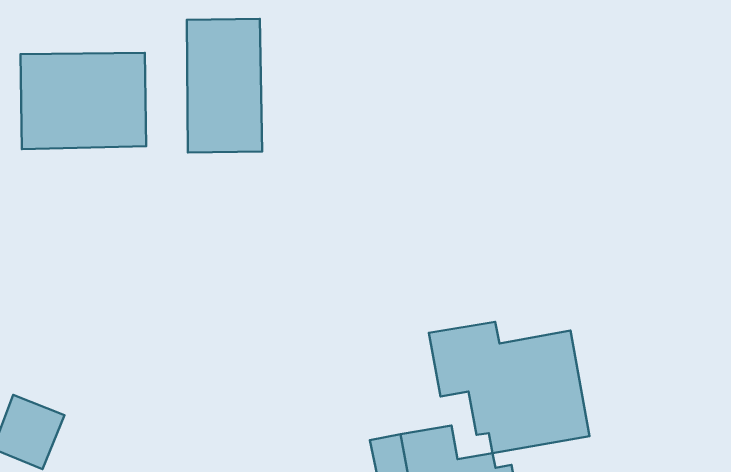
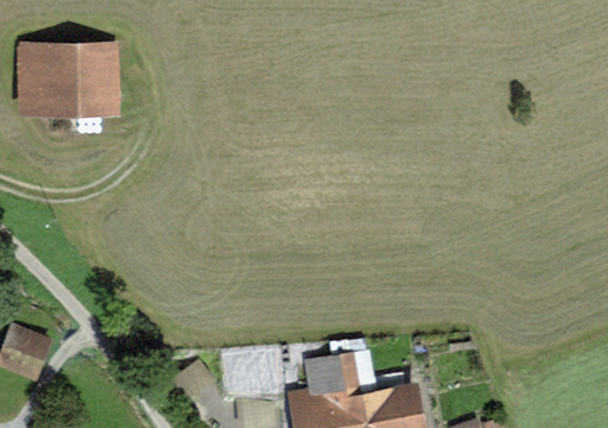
building: [187,19,262,153] -> none
building: [429,322,589,453] -> none

